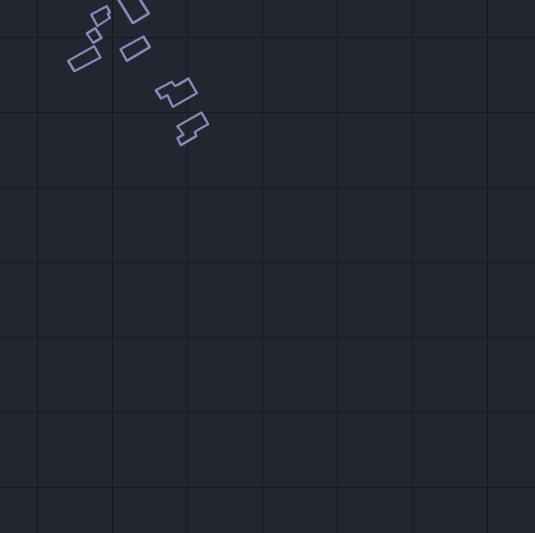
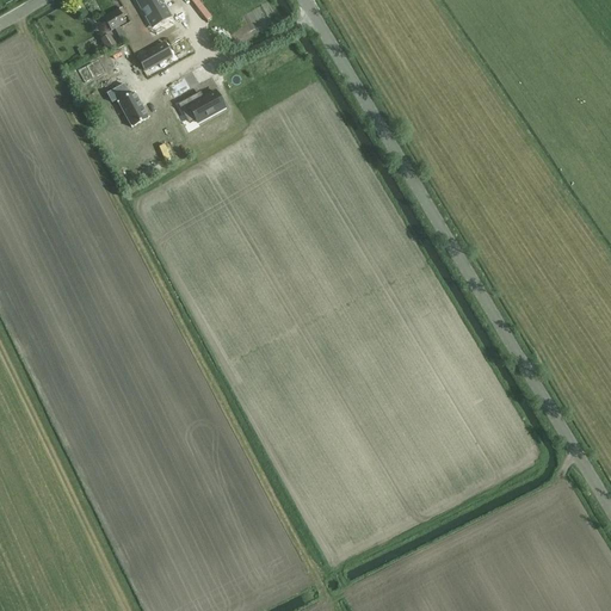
building: none -> [107,82,148,126]
building: [177,113,208,145] -> none

